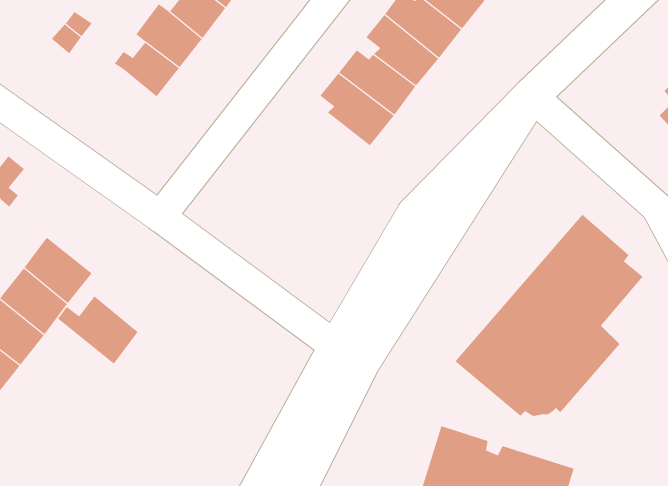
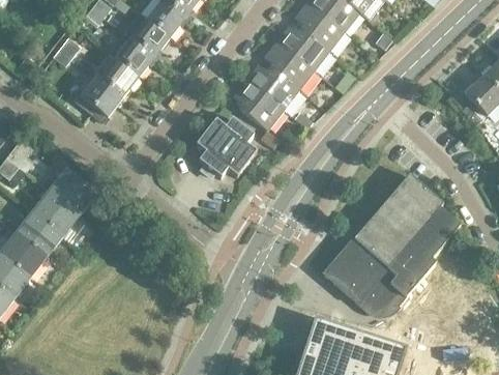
building: none -> [74,75,123,121]
building: none -> [196,116,257,176]
building: [57,295,139,365] -> [41,168,96,214]

